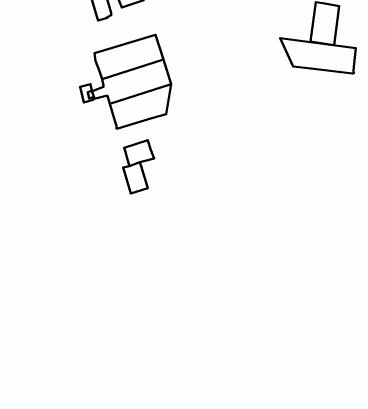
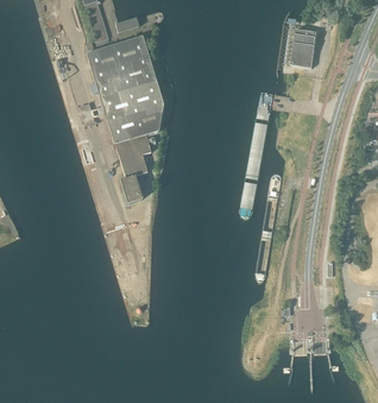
building: none -> [86,34,149,74]
building: [280,38,356,74] -> none
building: none -> [114,133,151,160]

